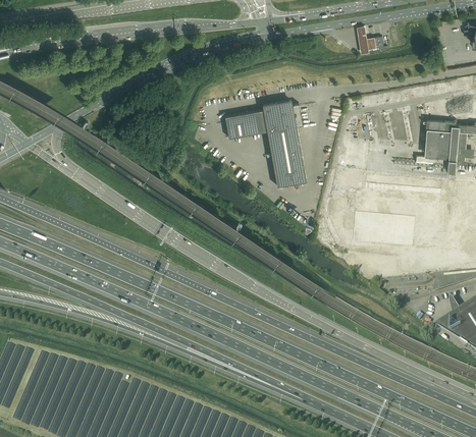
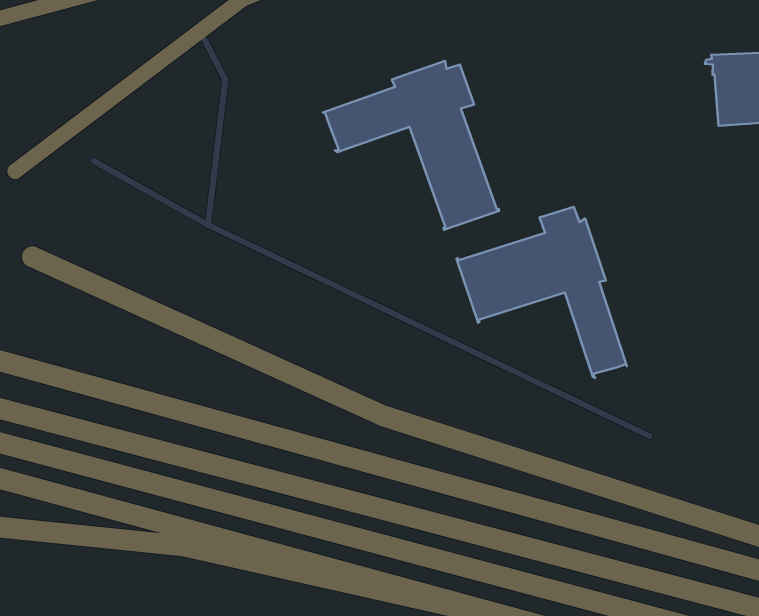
building: none -> [456,207,627,378]

